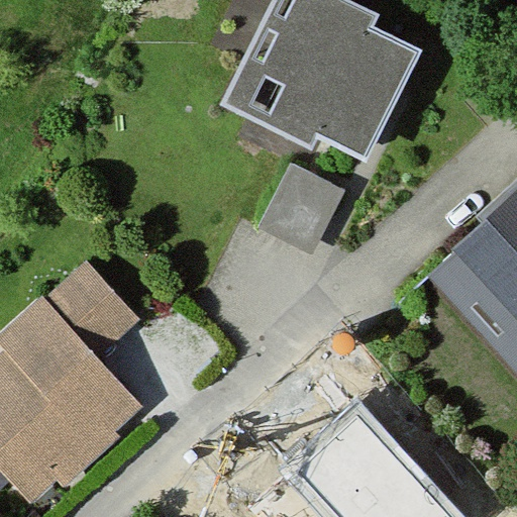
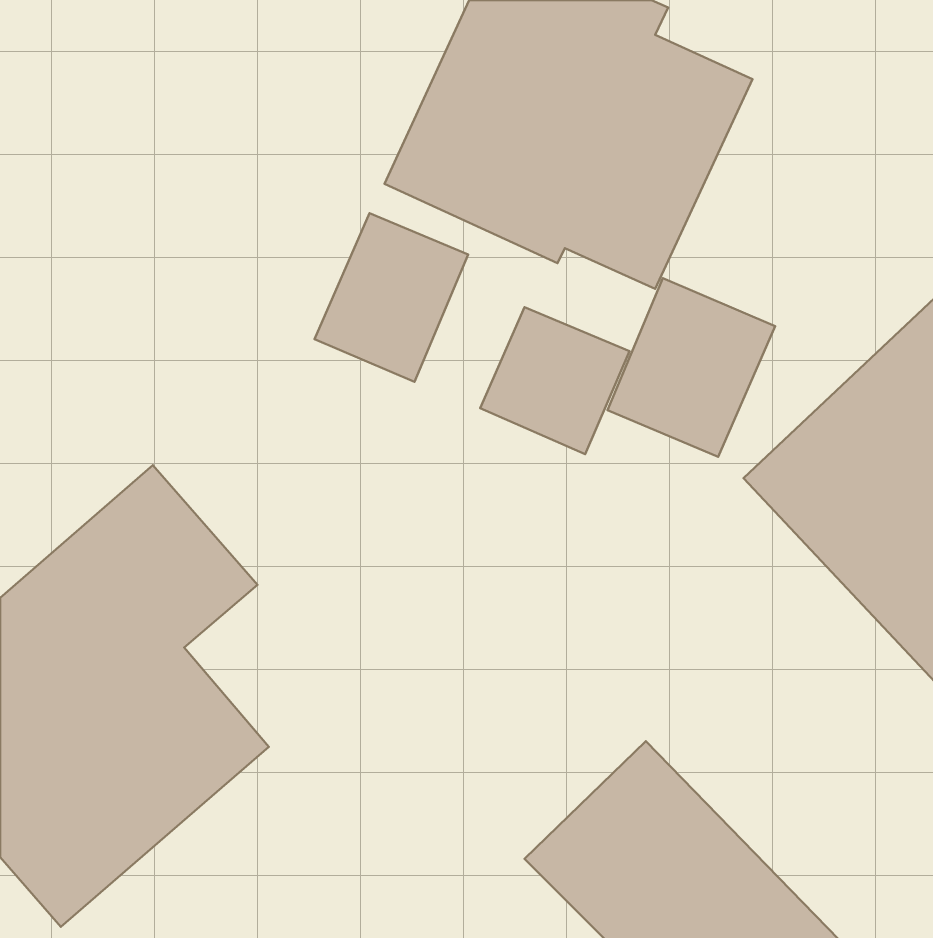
building: none -> [315,213,468,382]
building: none -> [607,278,775,457]

